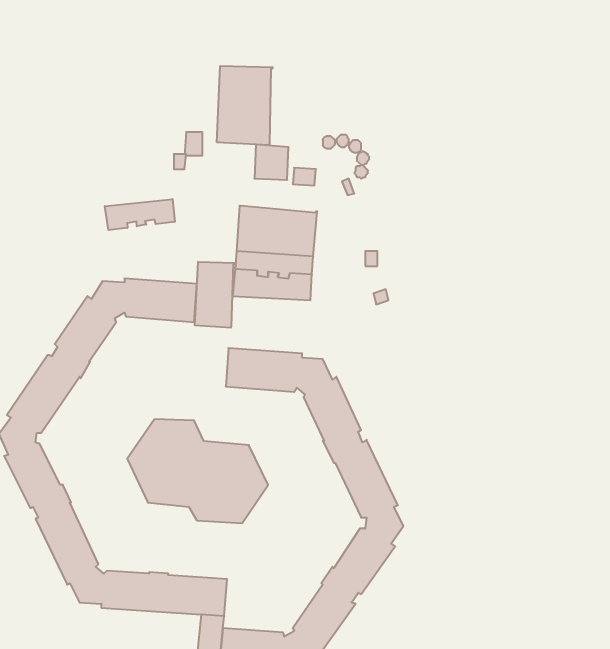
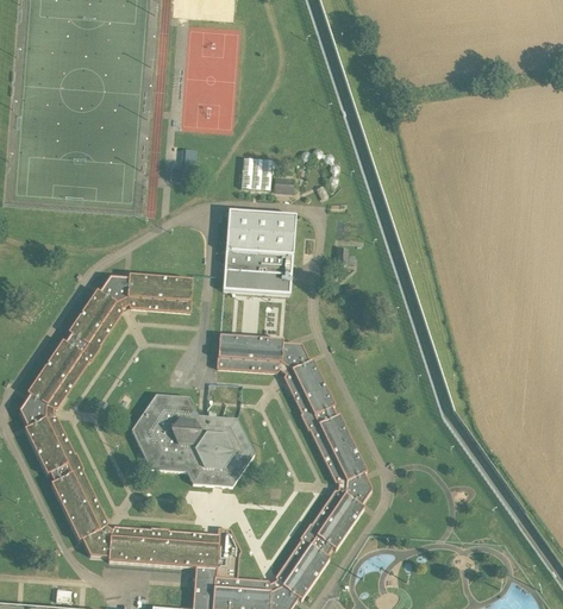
building: [217,66,273,145] -> none
building: [105,199,175,230] -> none
building: [195,262,234,328] -> none

